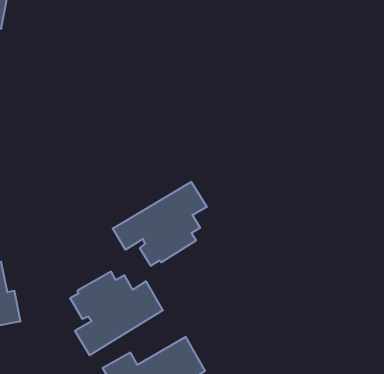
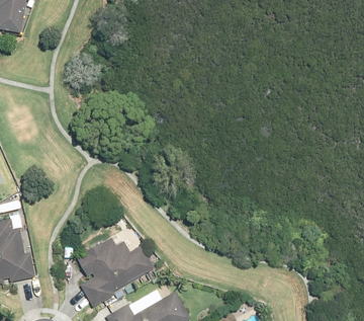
building: [113,182,207,266] -> none

